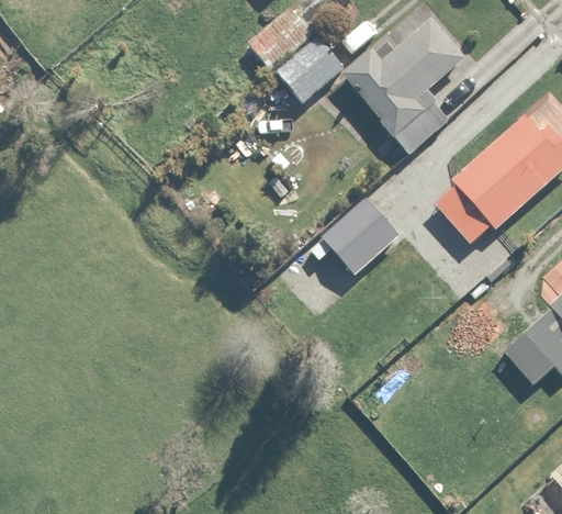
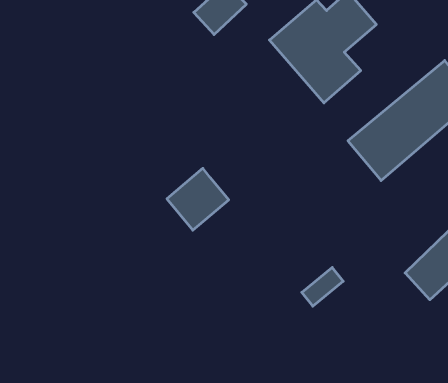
building: [277,38,344,103] -> none
building: [325,201,398,275] -> [167,168,229,230]

